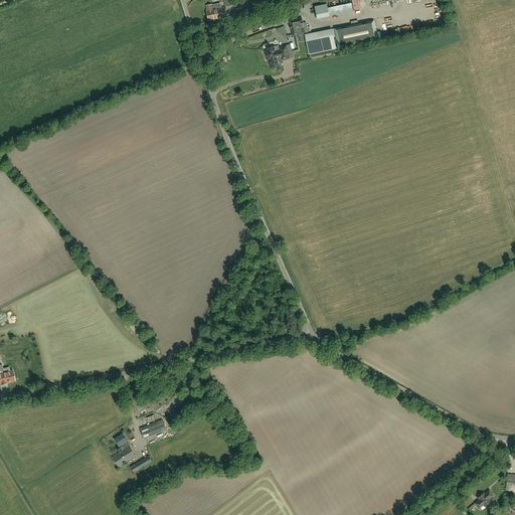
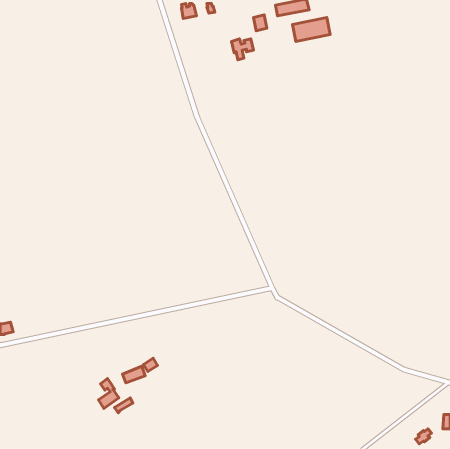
building: [305,28,336,53] -> none

